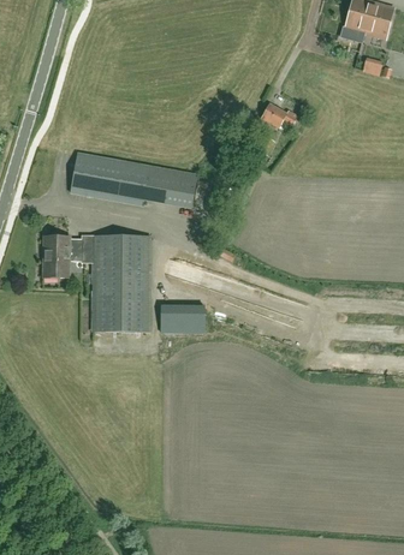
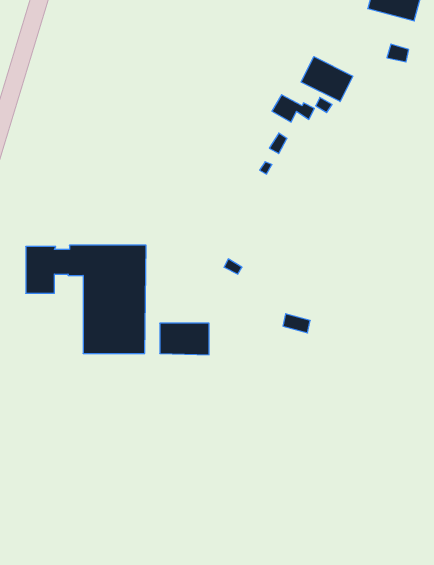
building: none -> [301,57,353,102]
building: [70,154,196,205] -> none

